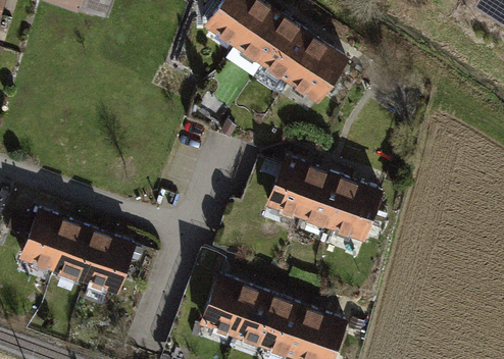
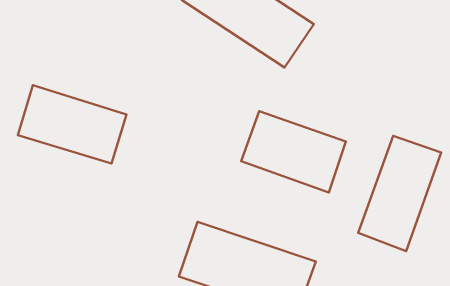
building: none -> [358,136,441,251]
building: [18,209,136,294] -> [18,85,126,163]

